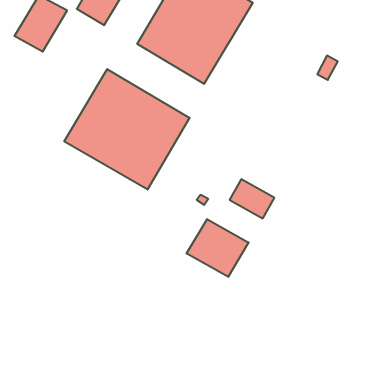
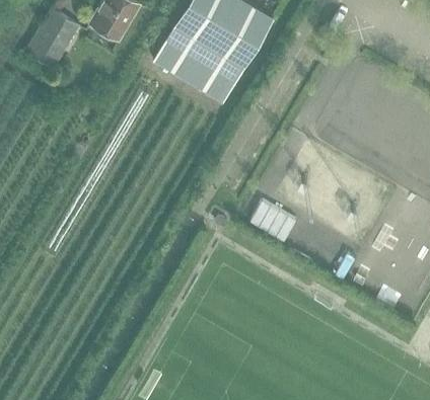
building: [64,69,190,190] -> none
building: [187,219,249,277] -> none

